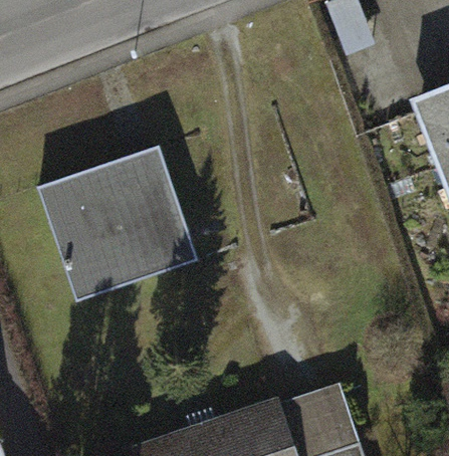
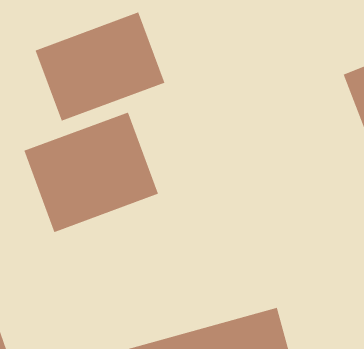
building: none -> [35,12,165,122]

